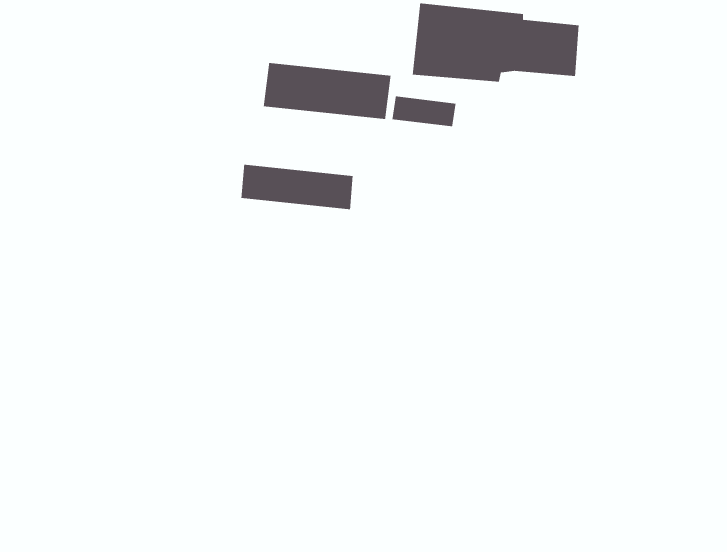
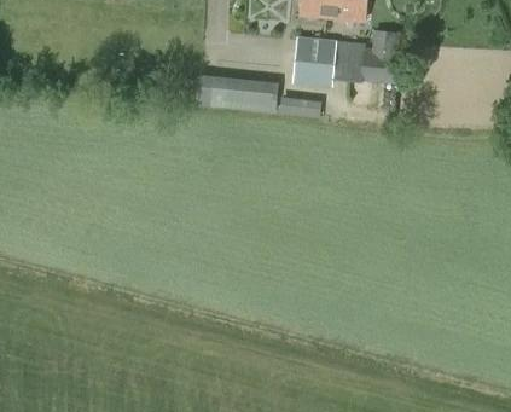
building: [241,164,354,210] -> none

